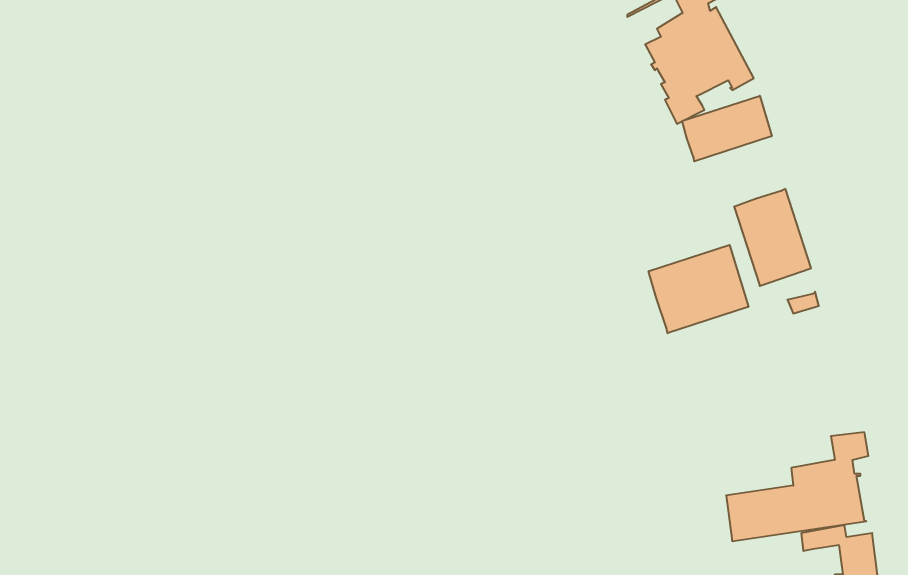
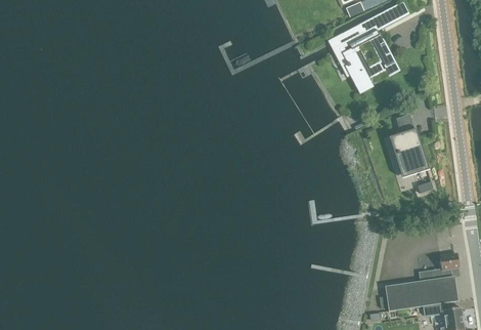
building: [682,96,772,161] -> none
building: [649,245,748,333] -> none

